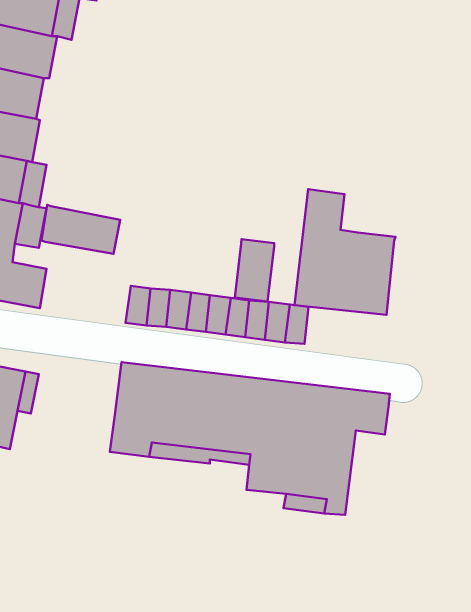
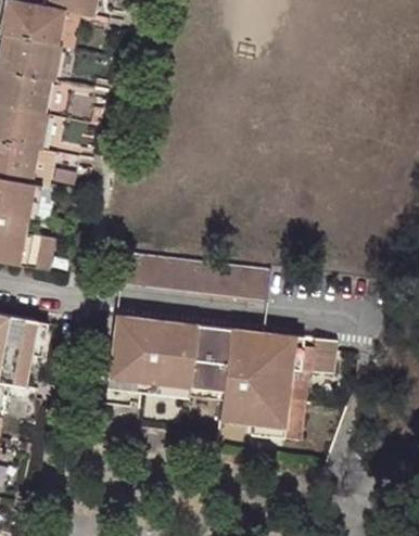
building: [295,189,395,315] -> none
building: [41,205,120,254] -> none
building: [235,239,274,302] -> none

